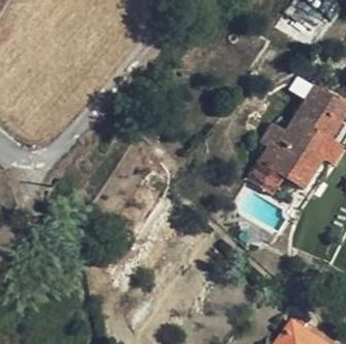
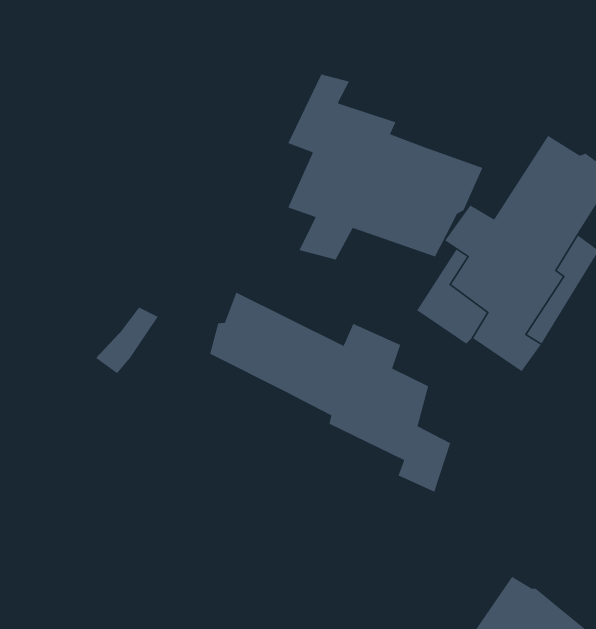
building: none -> [287,73,484,261]
building: none -> [209,292,451,493]

